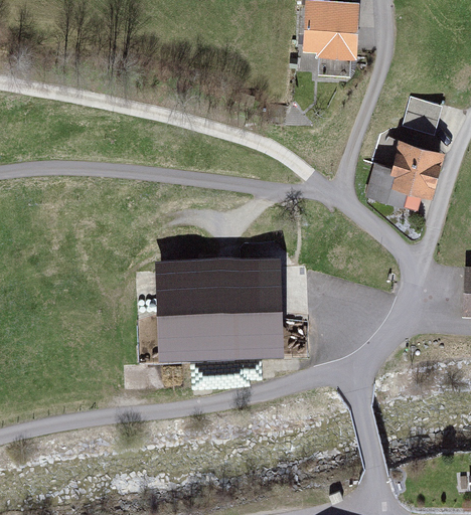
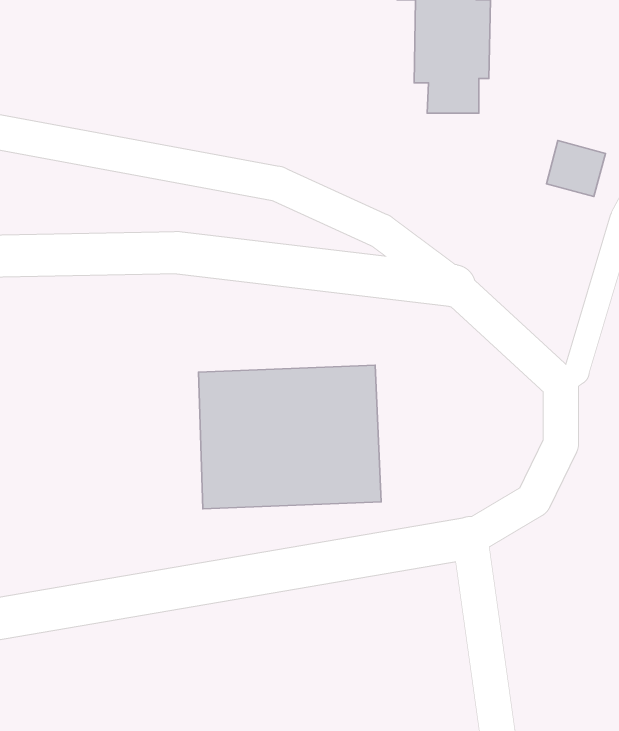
building: [365,140,444,211] -> none

